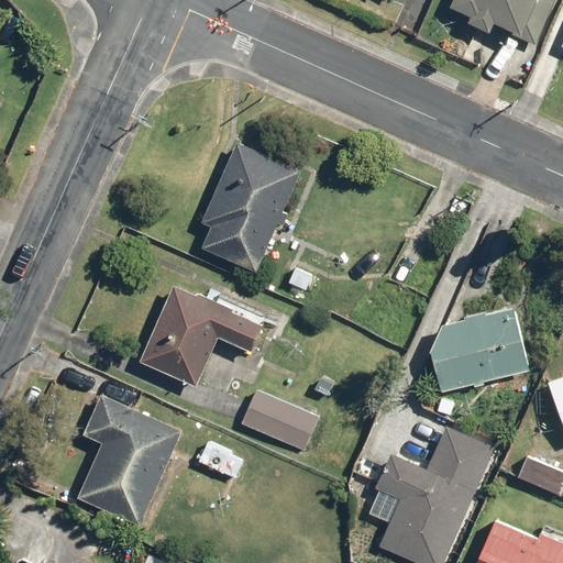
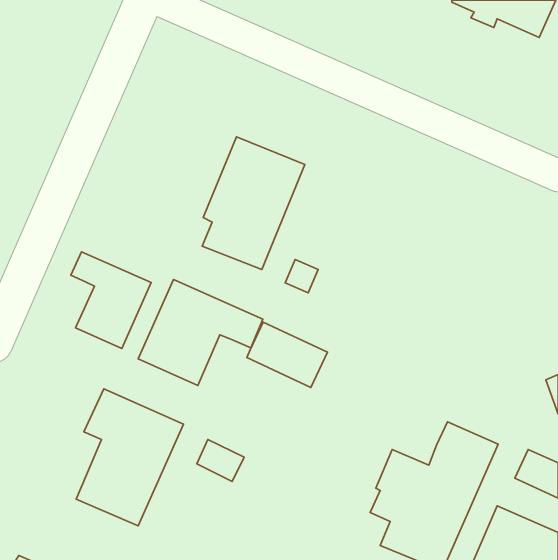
building: none -> [71,252,151,348]
building: [430,303,531,402] -> none
building: [238,389,318,454] -> [247,322,327,387]

